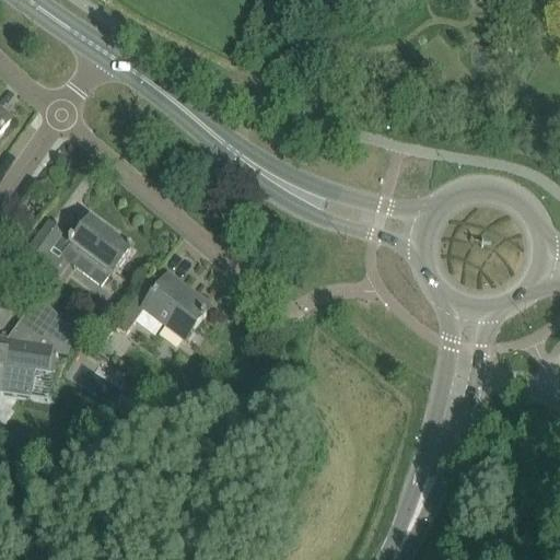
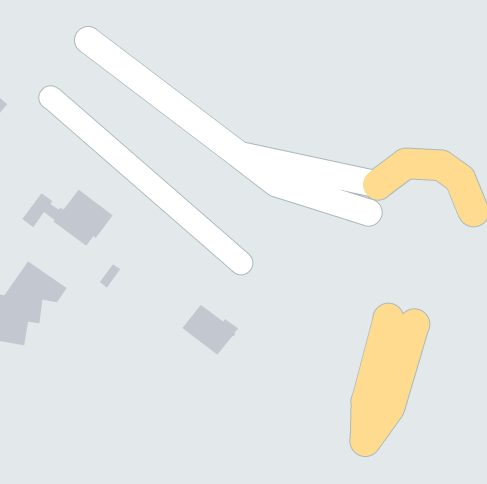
building: [141,273,208,337] -> [181,300,239,356]

